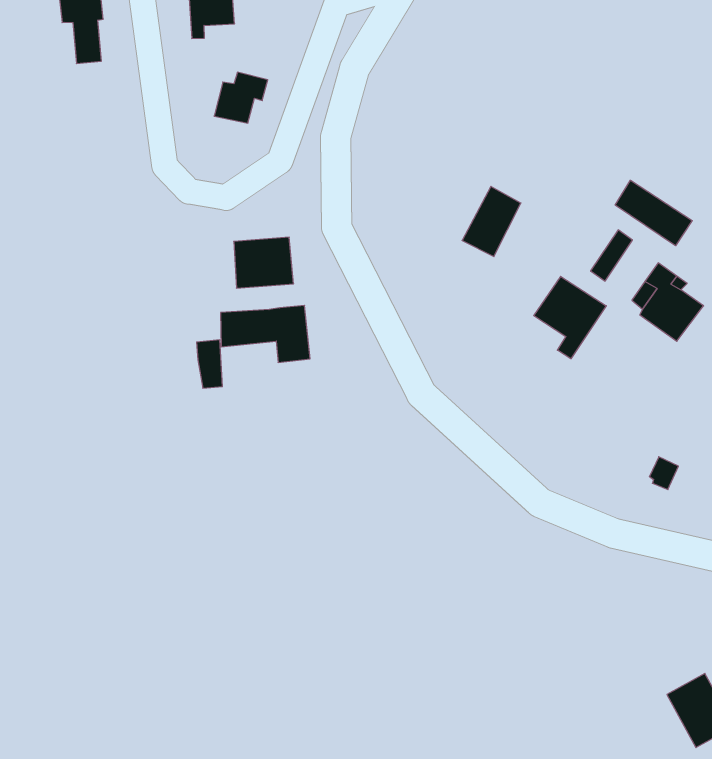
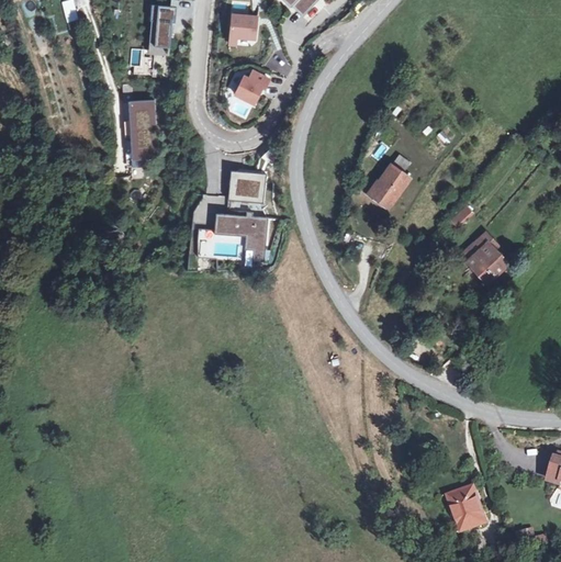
building: none -> [127,101,157,167]
building: [615,180,692,246] -> none
building: [534,276,606,359] -> none

